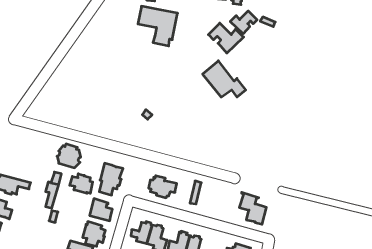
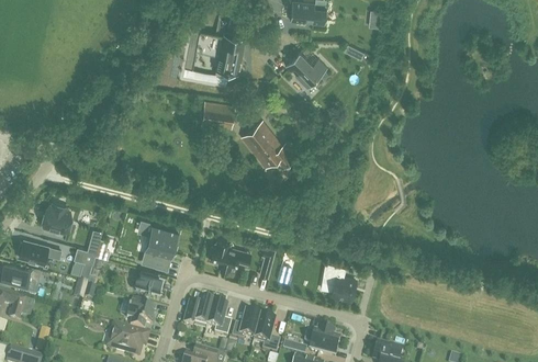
building: [230,11,257,34] -> none
building: [203,61,246,97] -> [243,118,296,163]
building: none -> [201,99,235,127]
building: [57,144,81,168] -> [42,201,71,230]
building: [70,174,93,193] -> none

